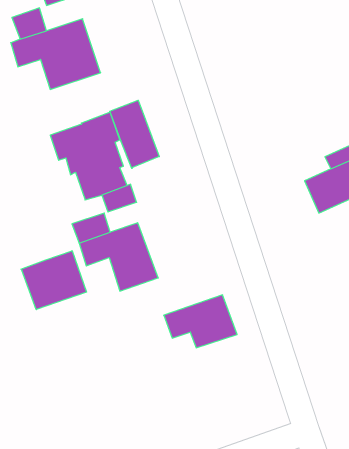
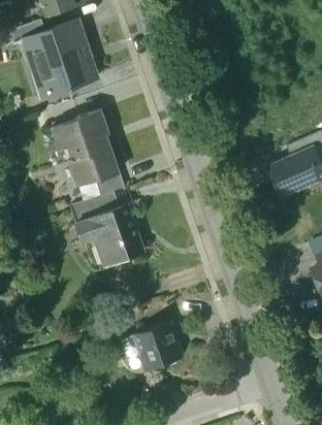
building: [110,100,159,168] -> none
building: [21,251,87,310] -> none
building: [164,295,237,348] -> [118,324,181,369]

